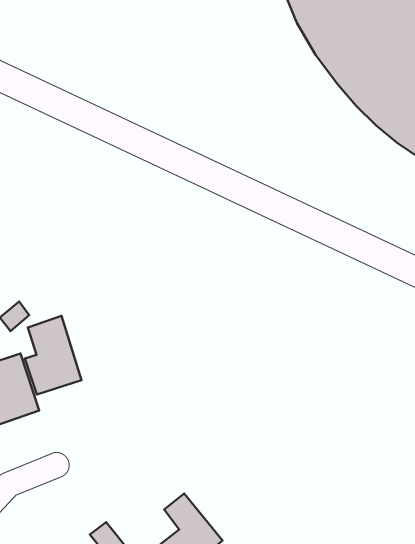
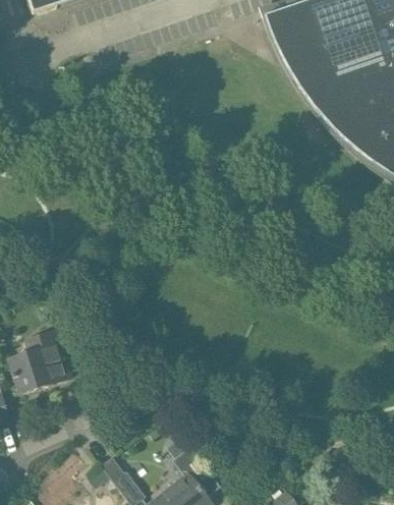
building: [25,316,81,395] -> none

